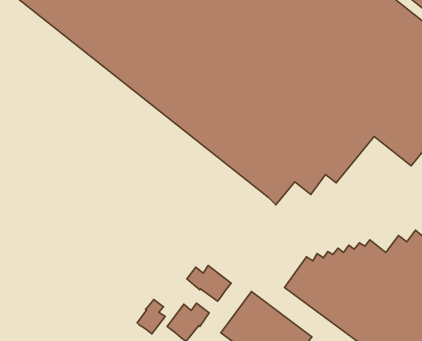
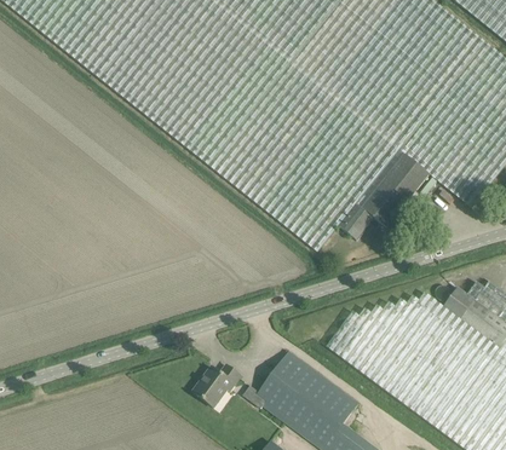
building: [187,266,231,301] -> none
building: [137,299,165,334] -> none

